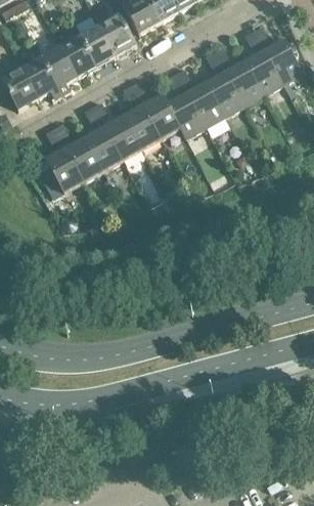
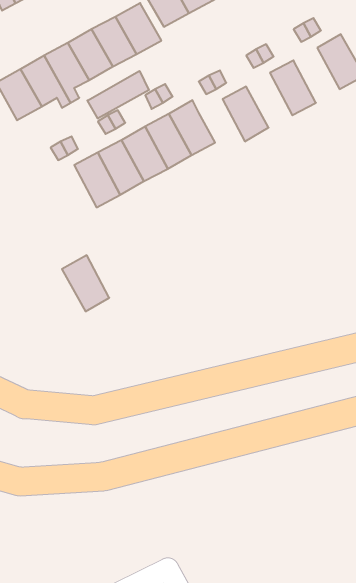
building: [244,50,282,95] -> none
building: none -> [87,71,149,119]
building: [206,71,243,116] -> none
building: [167,92,205,138] -> none
building: [44,146,83,193] -> [62,255,109,311]

